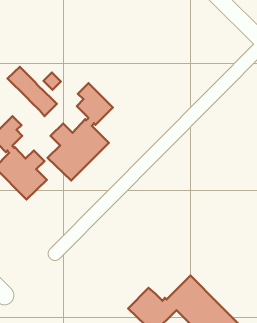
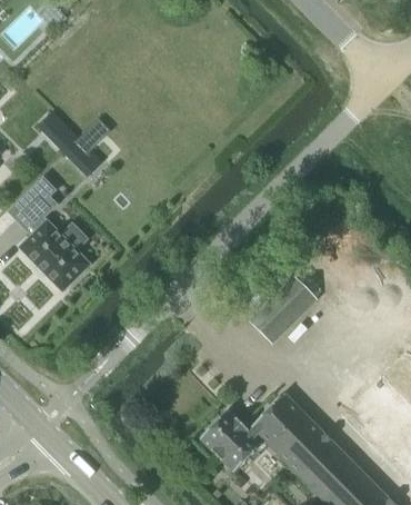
building: [48,83,113,180] -> none
building: none -> [252,277,315,341]

